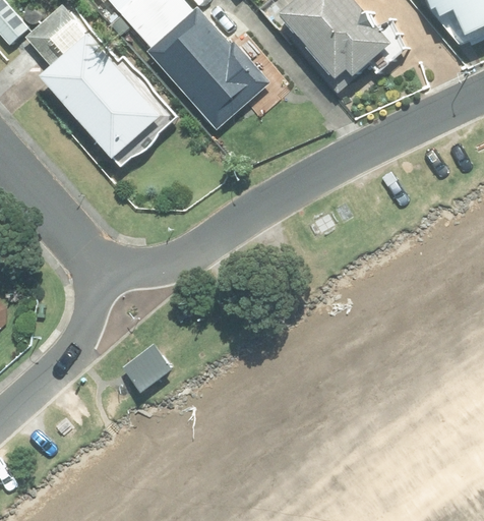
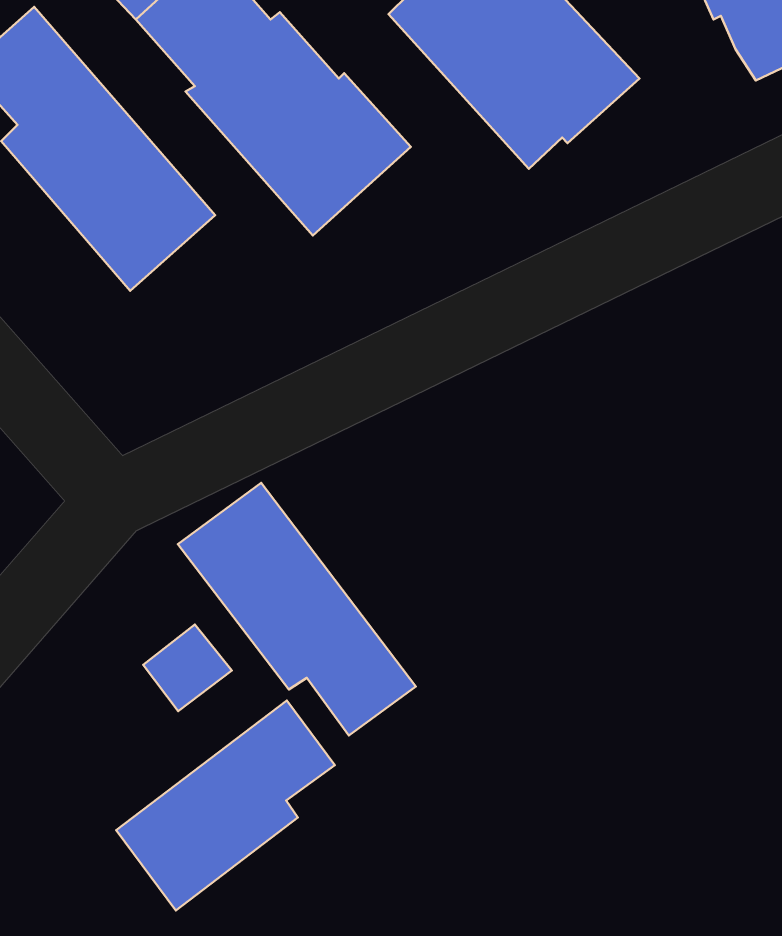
building: none -> [178,483,416,736]
building: none -> [116,701,335,910]

